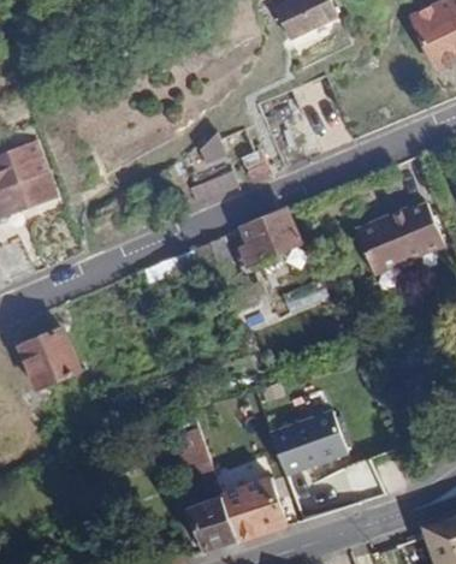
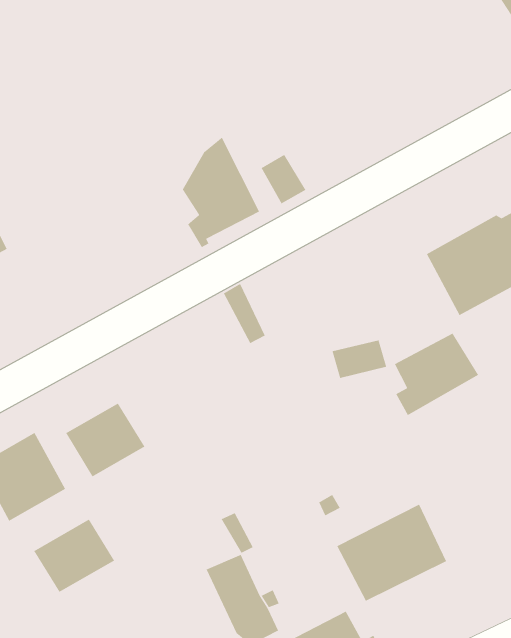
building: [239,209,301,266] -> [394,332,479,416]
building: none -> [65,402,145,477]
building: none -> [33,519,115,593]

